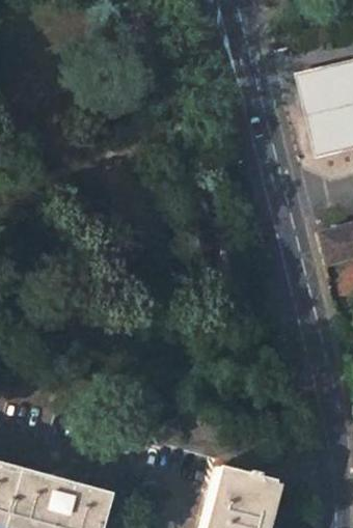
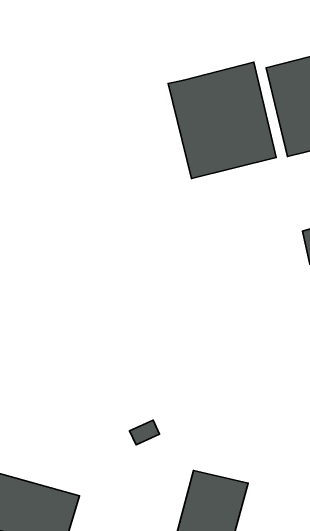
building: none -> [168,62,276,179]

